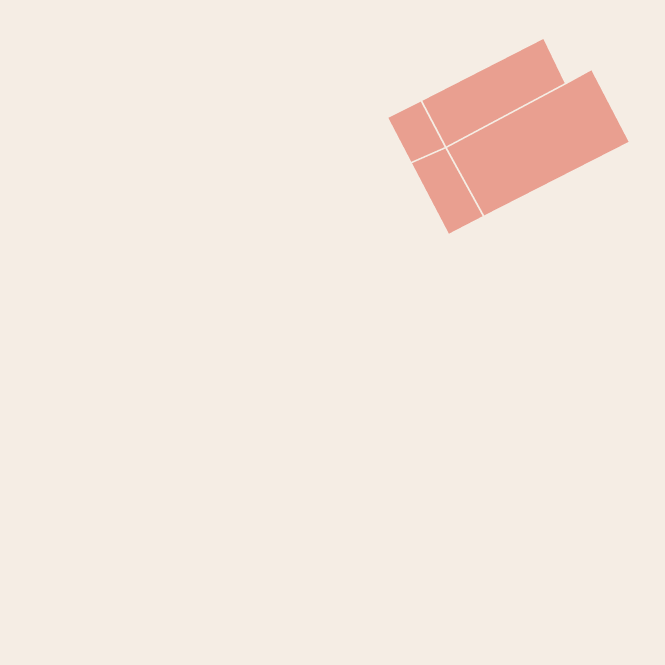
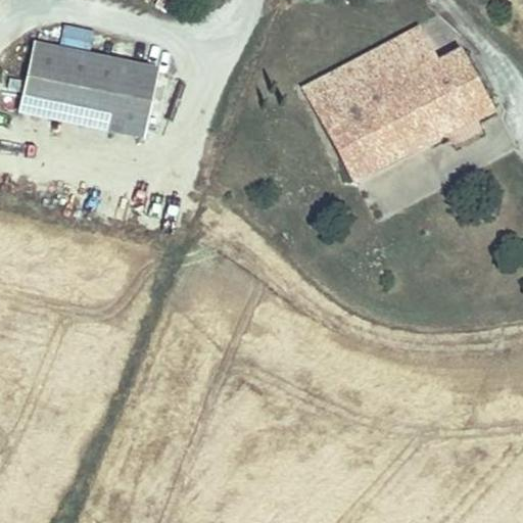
building: none -> [21,39,156,134]

